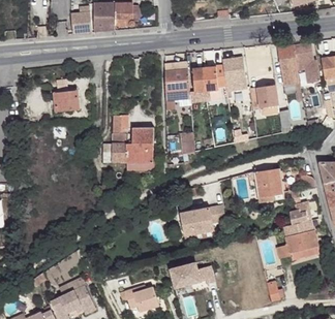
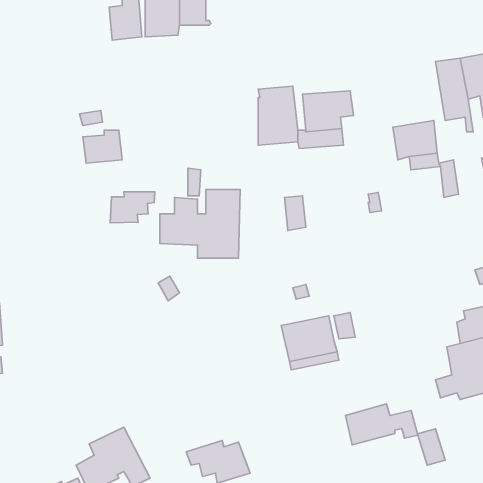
building: [221,57,246,91] -> none
building: none -> [110,192,155,223]
building: [253,168,283,203] -> none
building: [170,262,215,288] -> [346,404,418,445]

